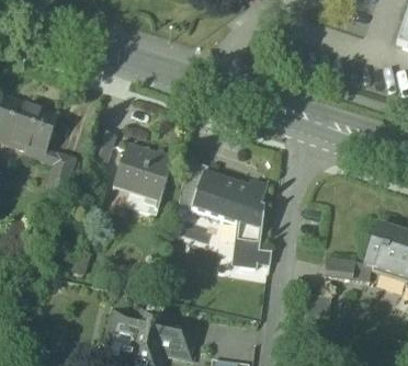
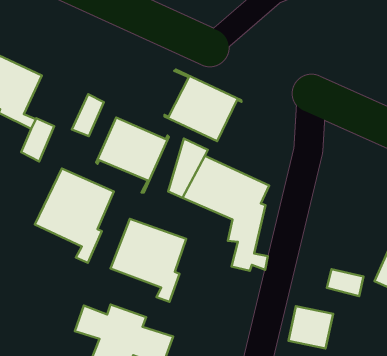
building: none -> [164,70,241,141]
building: none -> [35,168,114,263]
building: none -> [110,219,186,302]

